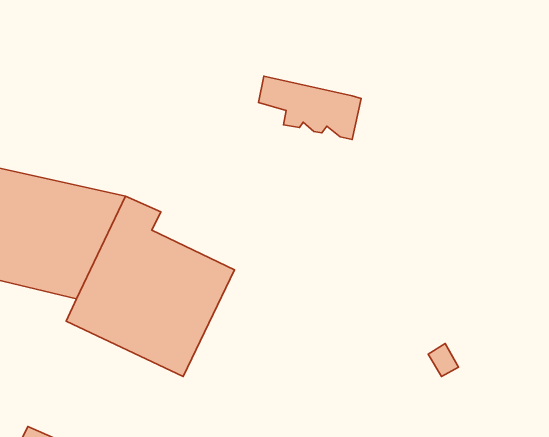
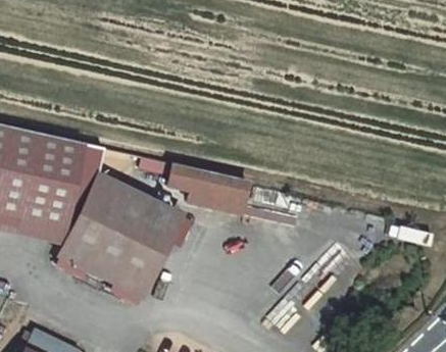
building: [259,76,361,139] -> [174,165,253,214]

